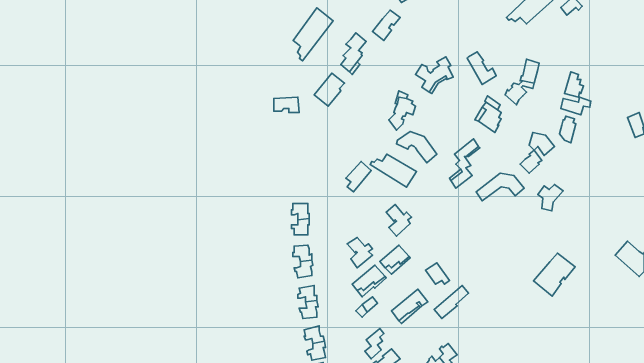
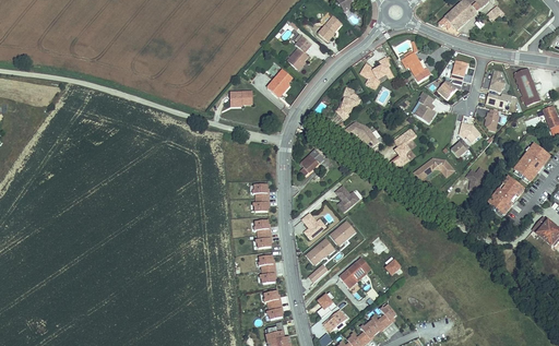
building: [293,8,333,61] -> none
building: none -> [513,68,538,105]
building: [370,154,417,187] -> none
building: none -> [513,143,549,180]
building: [533,253,575,296] -> [487,177,523,214]

